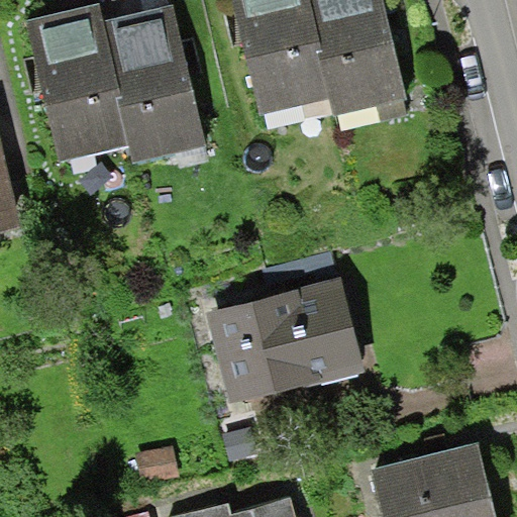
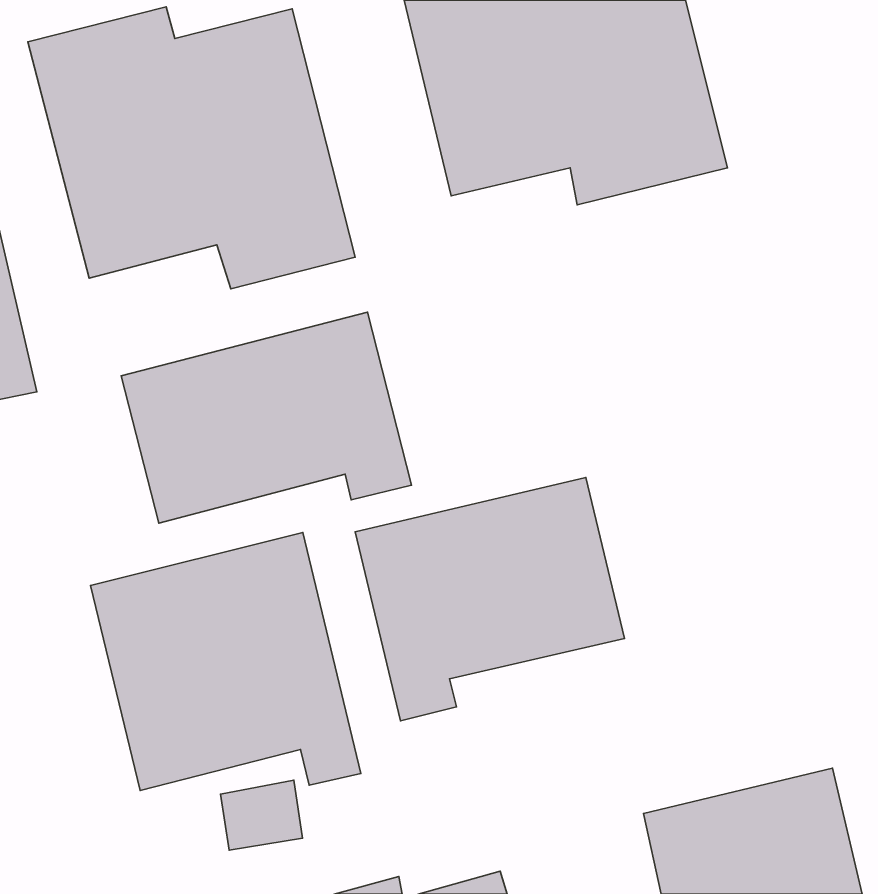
building: none -> [121,312,411,523]
building: none -> [91,533,361,791]

